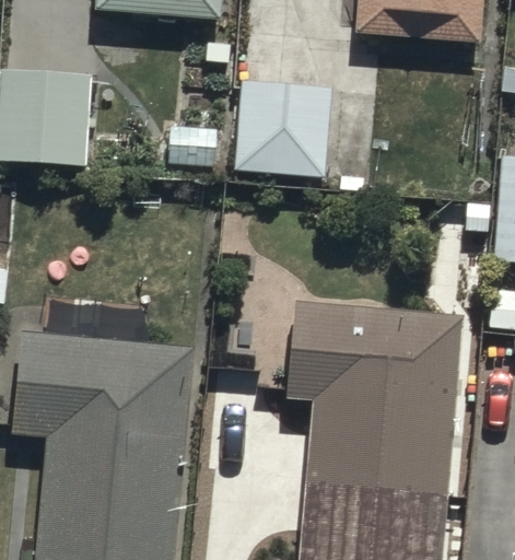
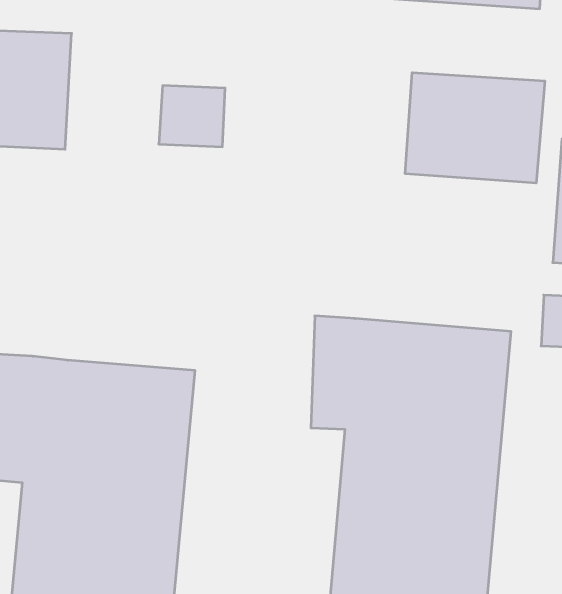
building: [232,78,331,178] -> none
building: none -> [405,73,545,183]

